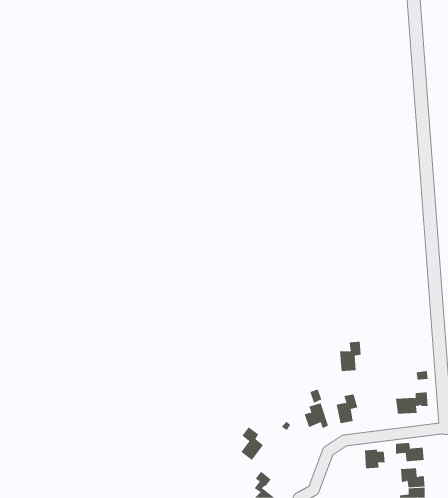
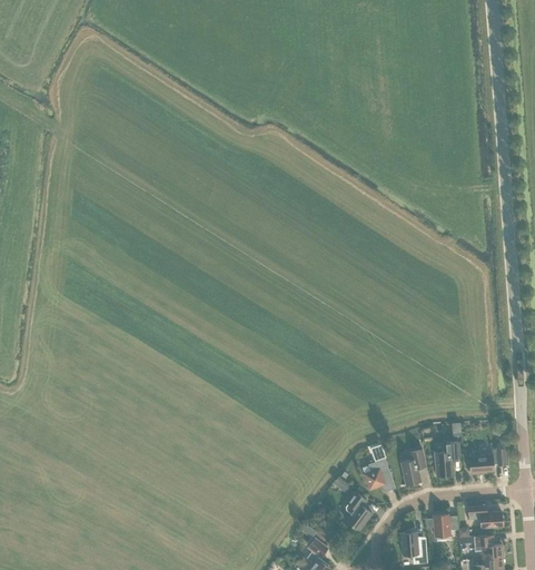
building: [339,341,361,371] -> [433,441,458,475]
building: [241,427,264,461] -> [344,491,370,530]
building: none -> [399,531,426,563]

